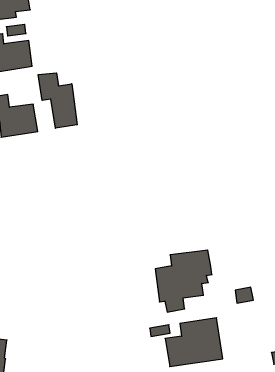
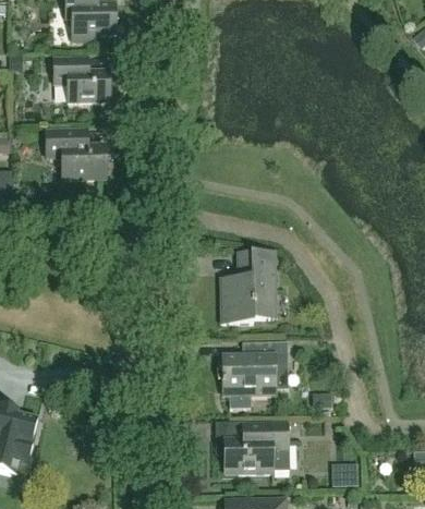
building: [38,73,77,128] -> none
building: none -> [220,253,276,323]

